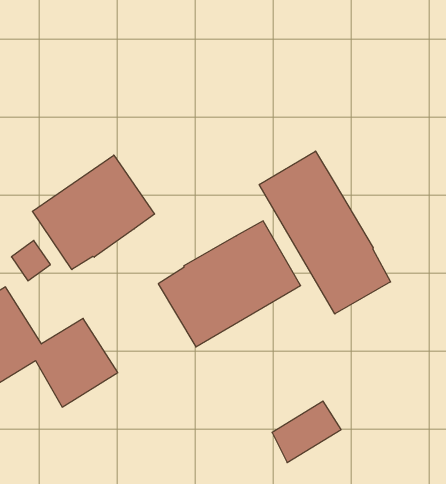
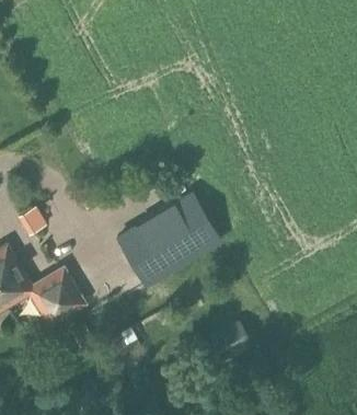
building: [259,151,391,314] -> none
building: [32,155,155,270] -> none

